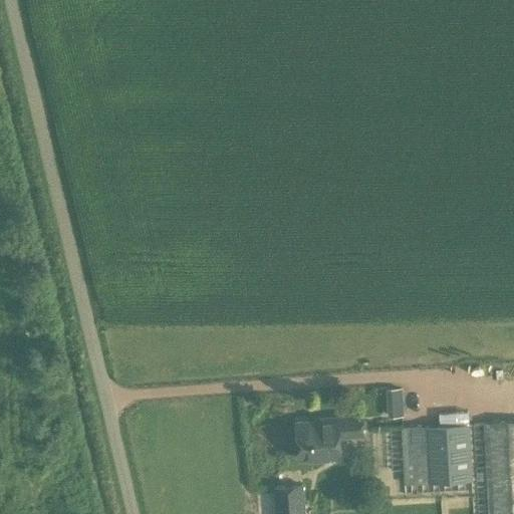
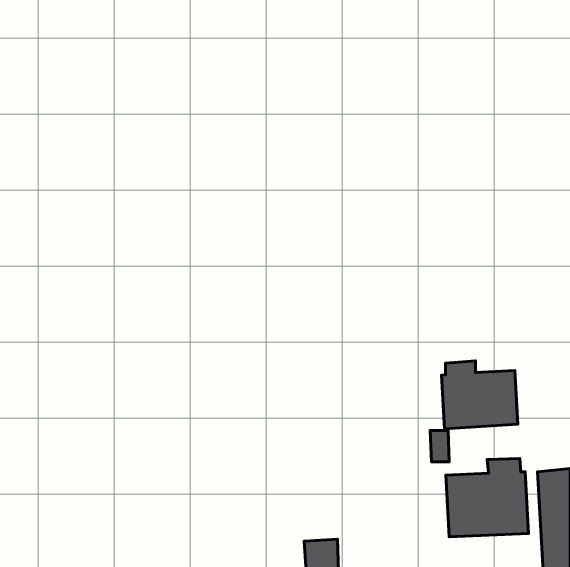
building: none -> [442,361,518,429]
building: [294,420,359,462] -> none

